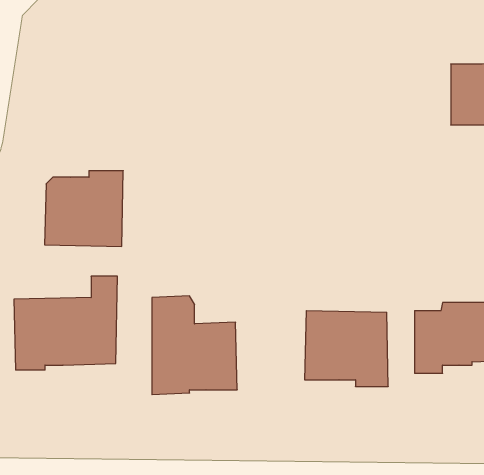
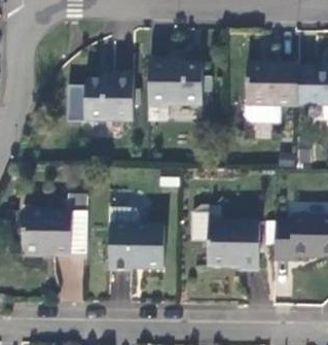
building: none -> [148,62,204,109]
building: none -> [246,63,298,104]
building: [45,171,123,246] -> [84,75,134,123]

